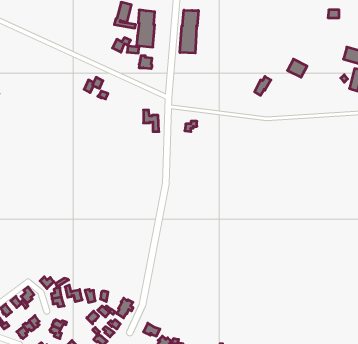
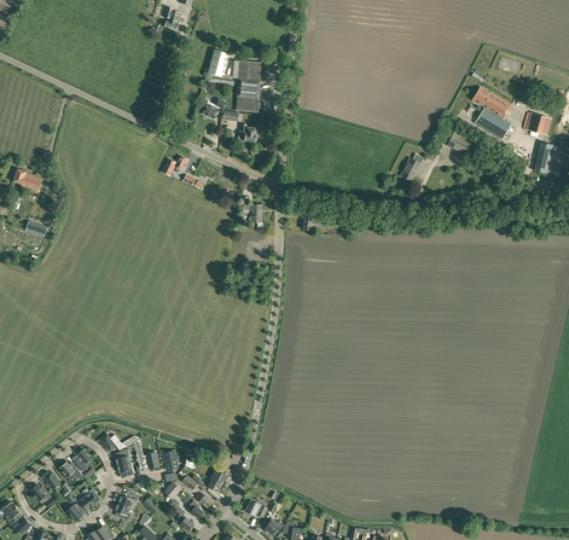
building: [180,10,198,53] -> none
building: none -> [472,87,511,139]

